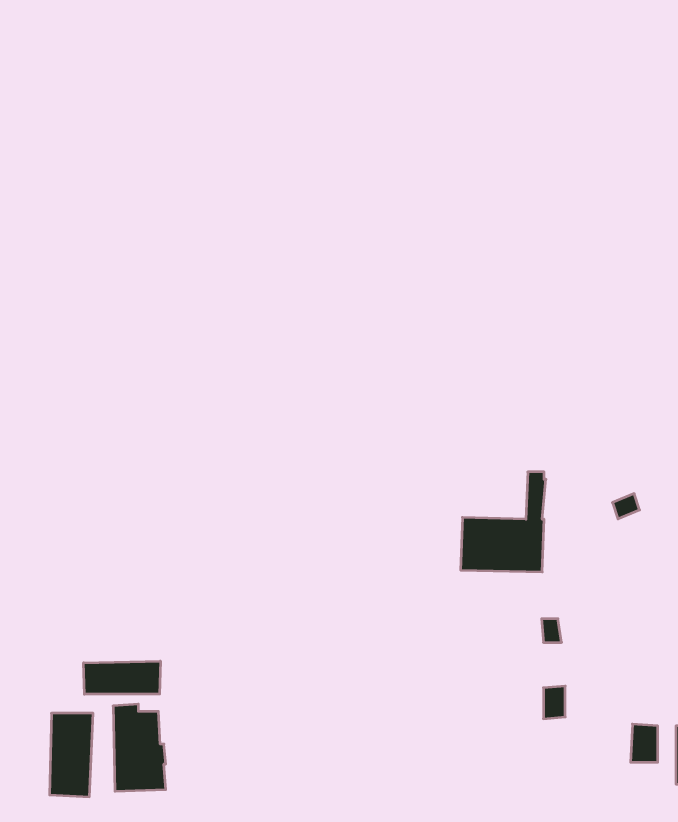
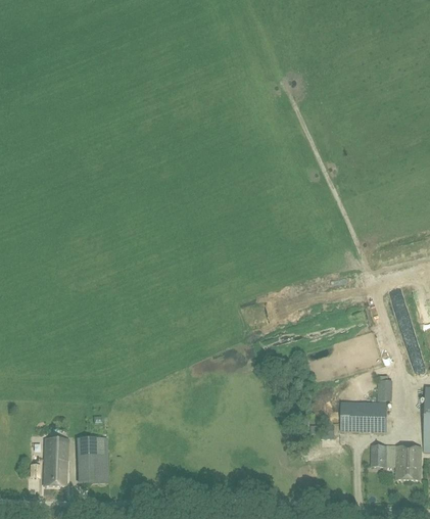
building: [461,472,546,572] -> [340,376,388,432]
building: [84,661,160,694] -> none

